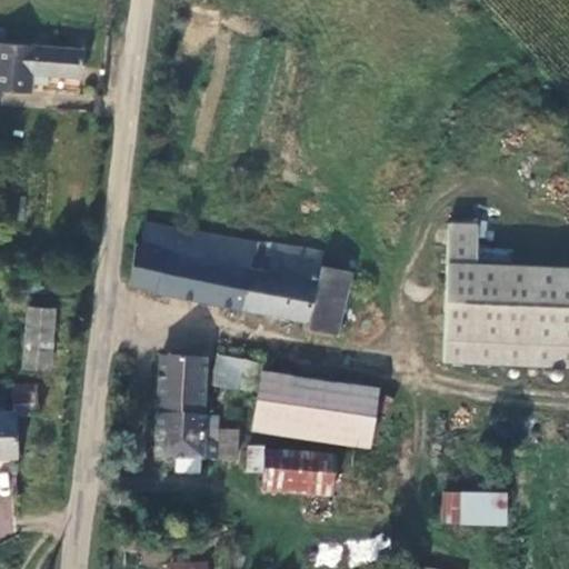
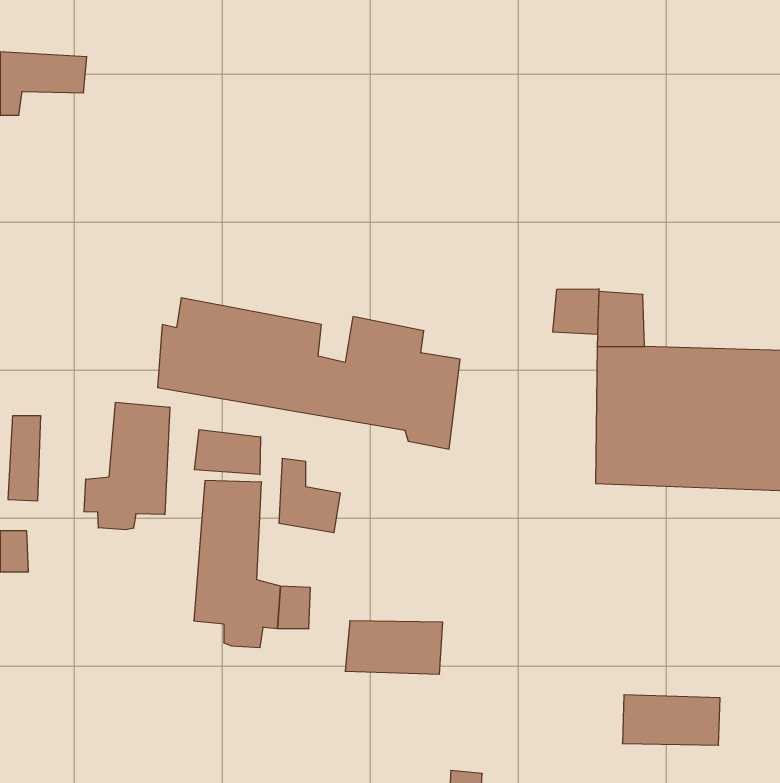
building: none -> [553,289,599,334]
building: none -> [84,402,170,530]
building: none -> [194,430,260,475]
building: [256,373,373,446] -> none

